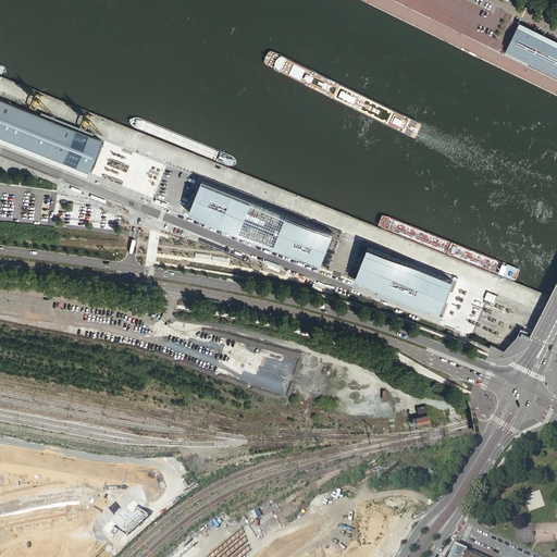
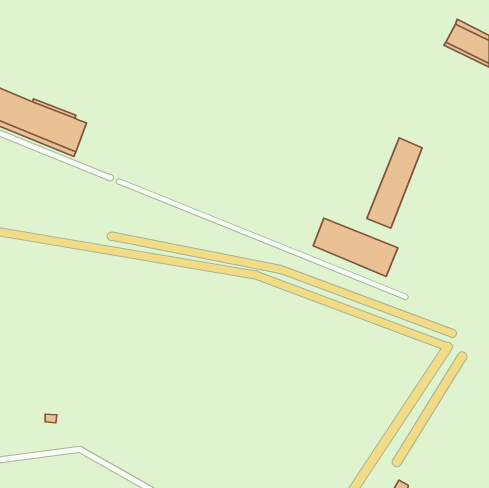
building: none -> [367,138,422,228]
building: [187,184,331,269] -> none

